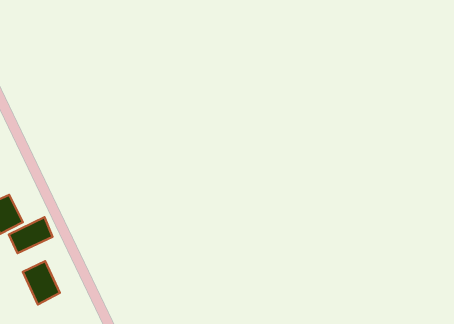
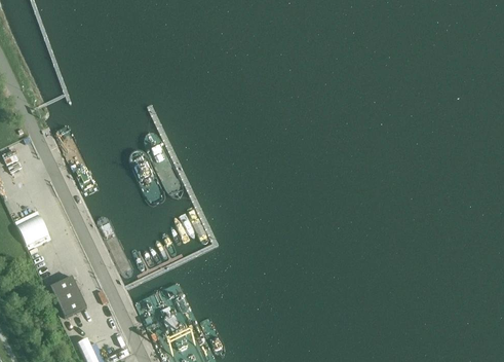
building: [9,217,52,253] -> none

